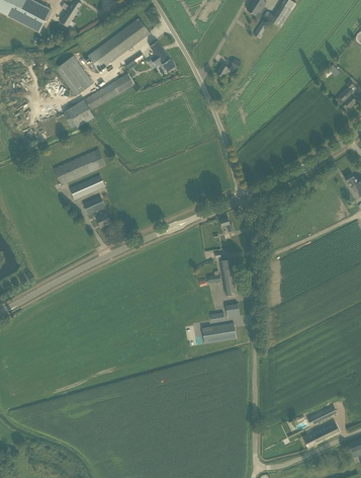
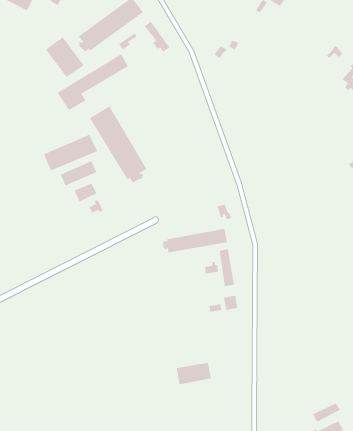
building: none -> [89,106,147,184]
building: none -> [162,228,227,253]
building: [201,321,236,343] -> [176,361,212,385]

